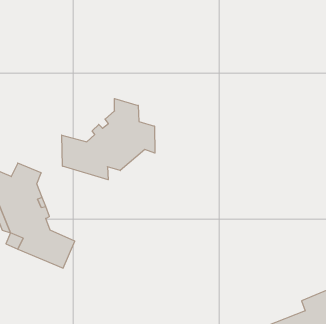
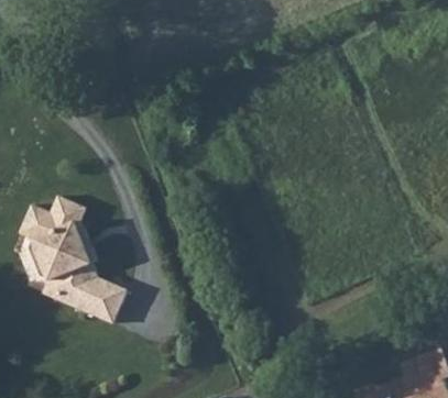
building: [62,99,155,180] -> none

